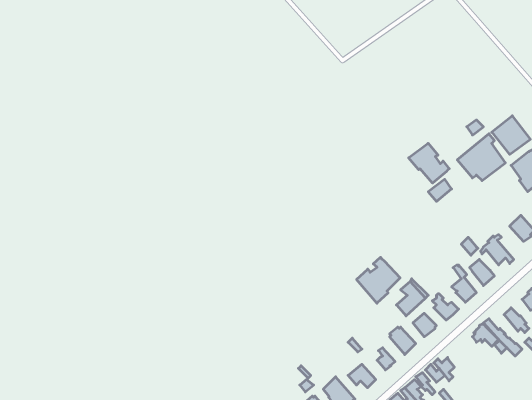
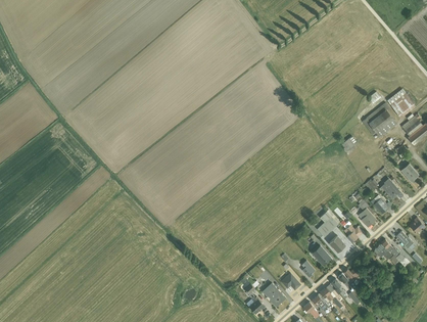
building: [409,143,449,183] -> none
building: [357,257,400,303] -> none

